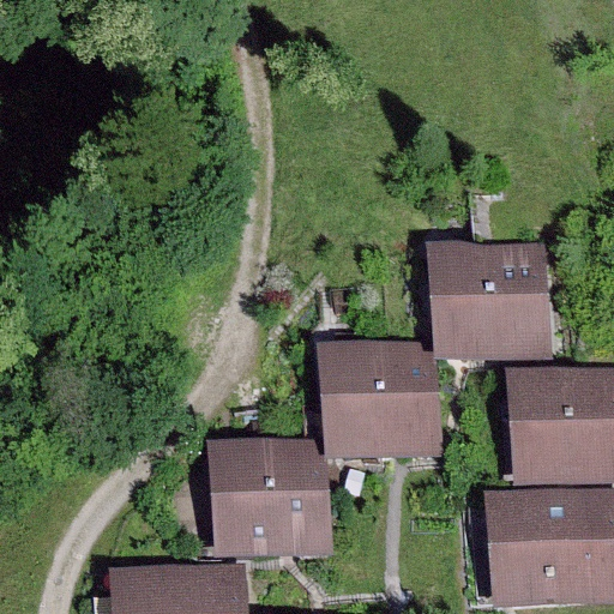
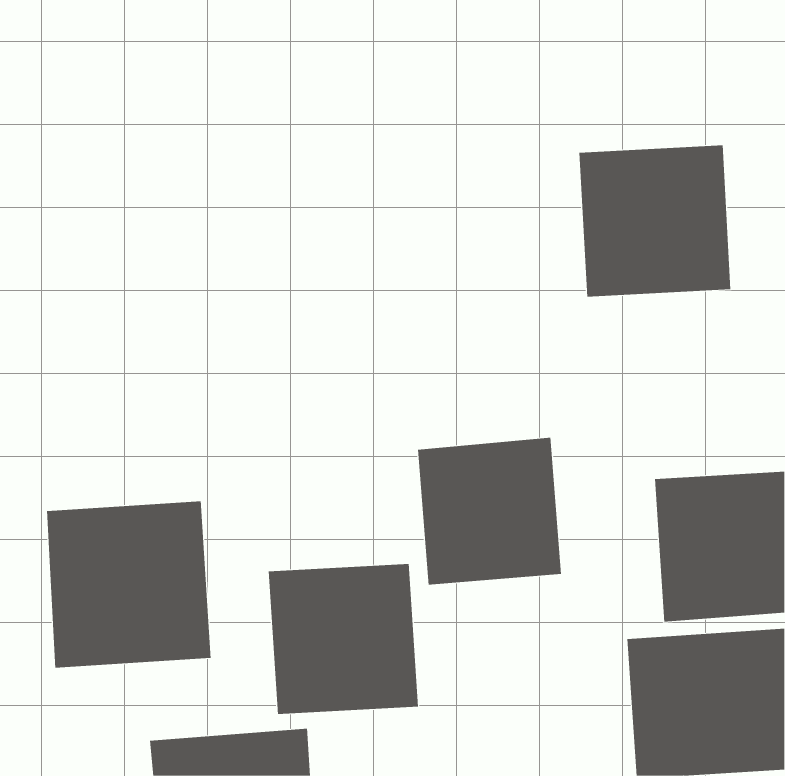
building: [432,242,550,361] -> [579,145,731,297]
building: none -> [46,501,211,669]

